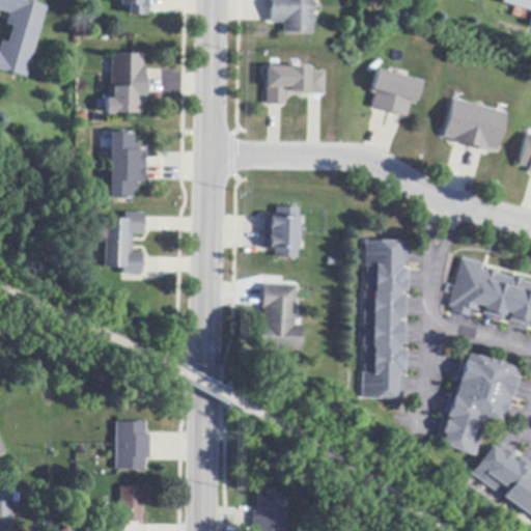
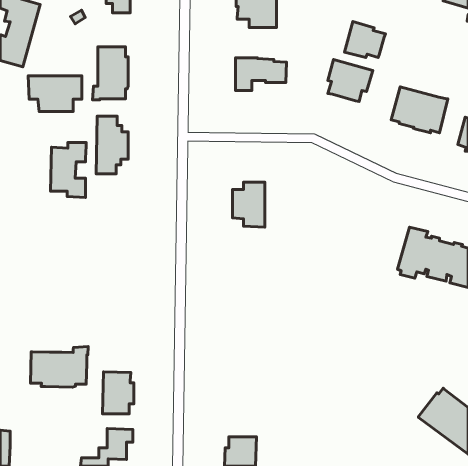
building: none -> [344,22,385,58]
building: none -> [28,76,82,111]
building: [104,212,144,274] -> [51,143,86,198]
building: [365,240,410,398] -> none
building: [262,283,304,351] -> none
building: [440,353,520,454] -> none
building: none -> [31,347,88,387]

